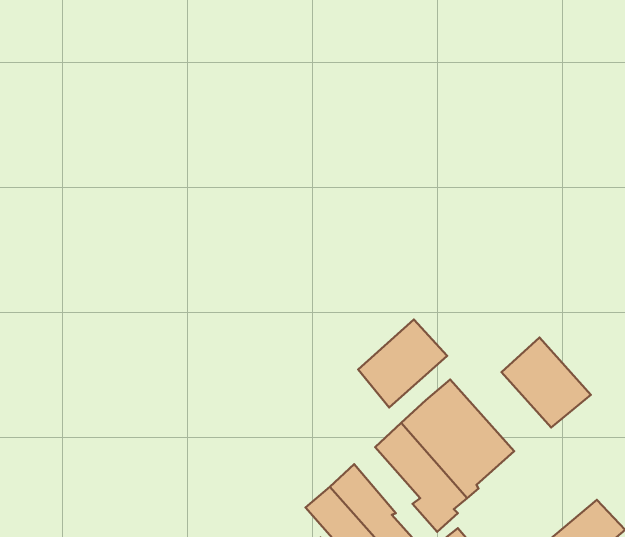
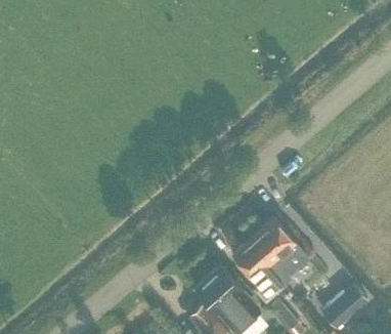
building: [358,319,447,408] -> none
building: [502,338,591,427] -> none

